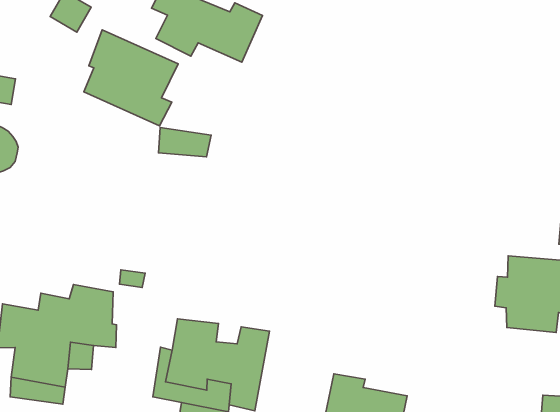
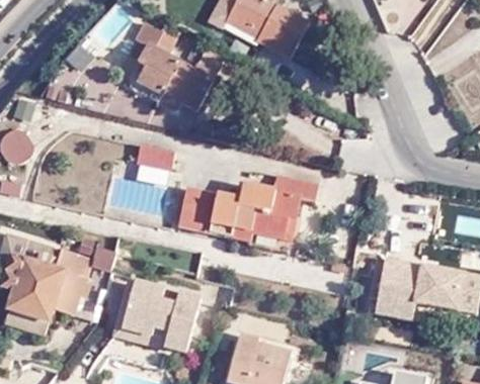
building: [84,30,178,126] -> none
building: none -> [173,174,316,239]

